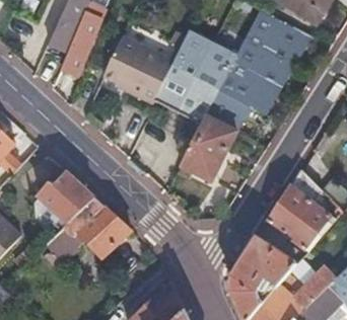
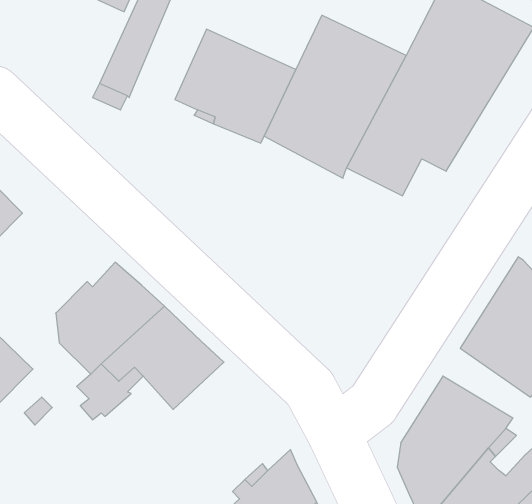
building: [179,117,234,181] -> none

